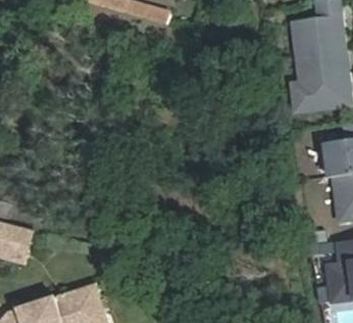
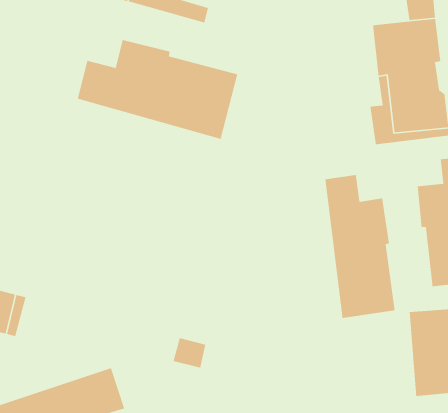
building: none -> [77,39,238,140]
building: none -> [324,174,395,319]

